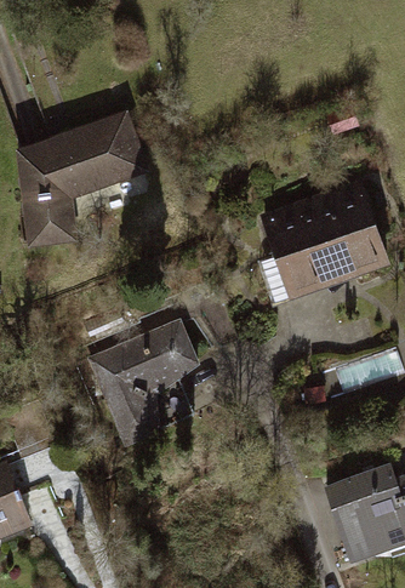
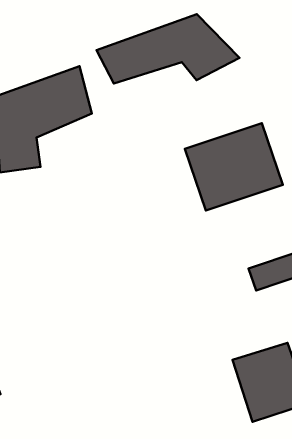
building: none -> [96,14,240,83]
building: [99,320,199,441] -> none

